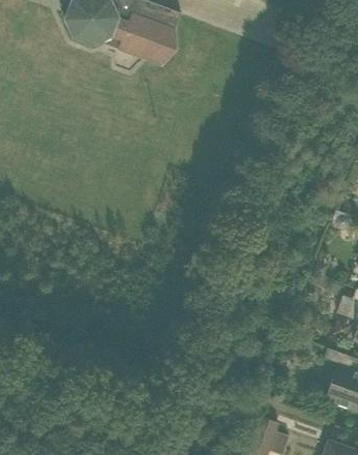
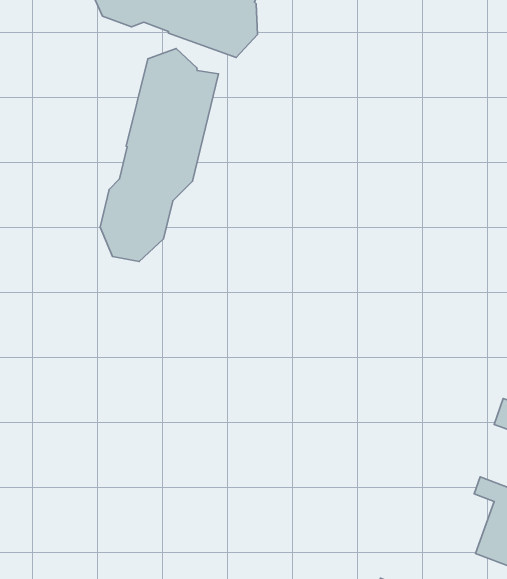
building: none -> [100,49,219,262]

